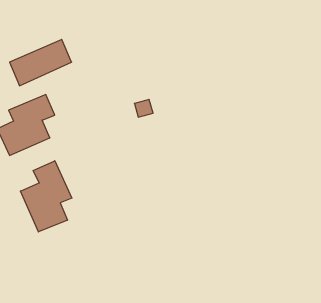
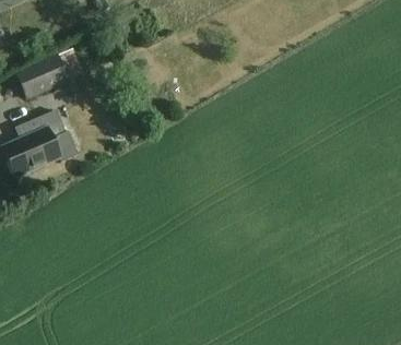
building: [20,161,72,232] -> none

